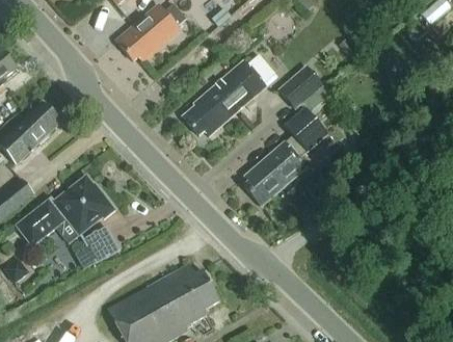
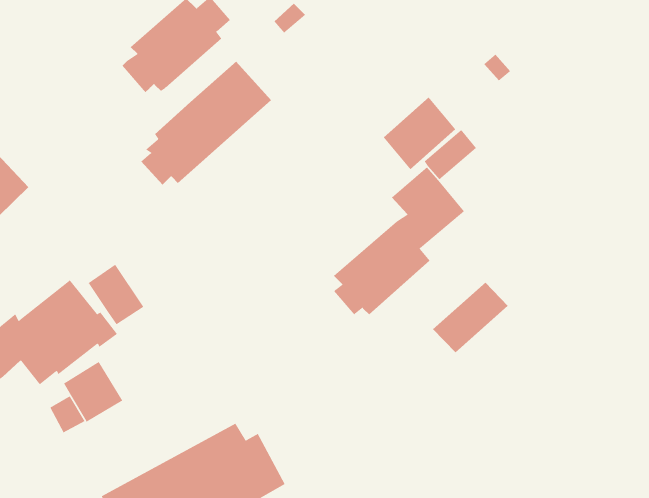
building: [187,57,267,133] -> [140,61,272,185]
building: none -> [87,264,144,325]
building: none -> [432,282,509,353]

